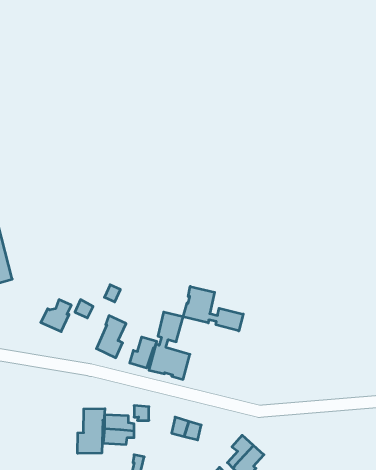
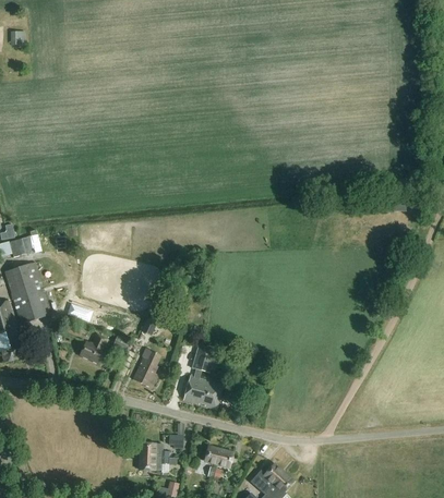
building: [183,286,243,331] -> none
building: [130,337,157,368] -> none
building: [78,409,105,453] -> none

